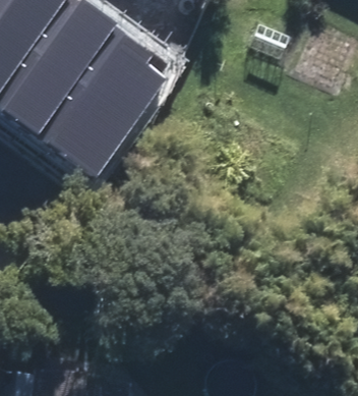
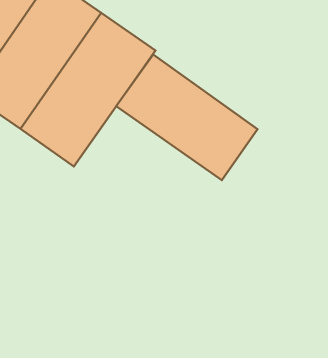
building: none -> [116,55,258,180]

